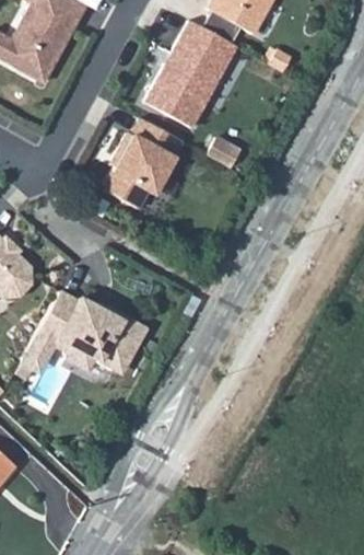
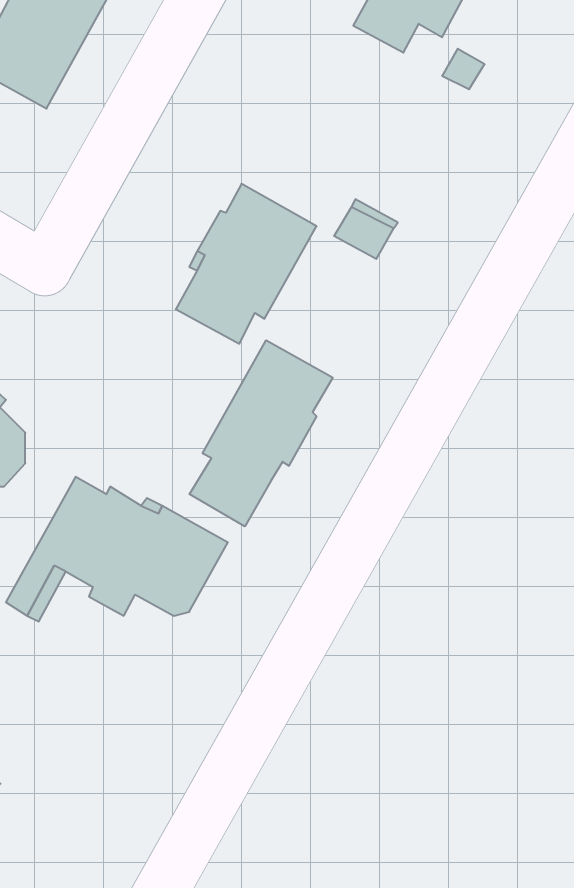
building: [156,27,249,135] -> none
building: none -> [189,340,333,526]

